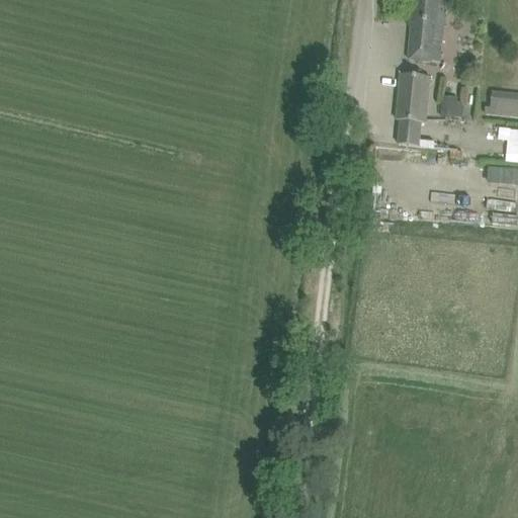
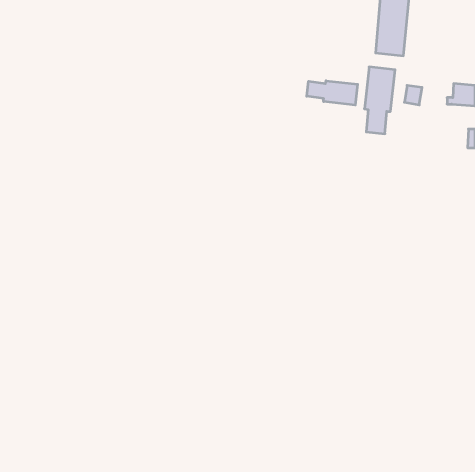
building: none -> [307,81,358,105]

